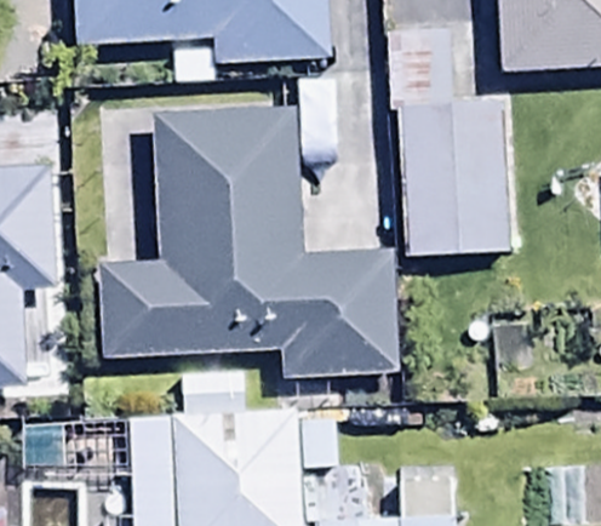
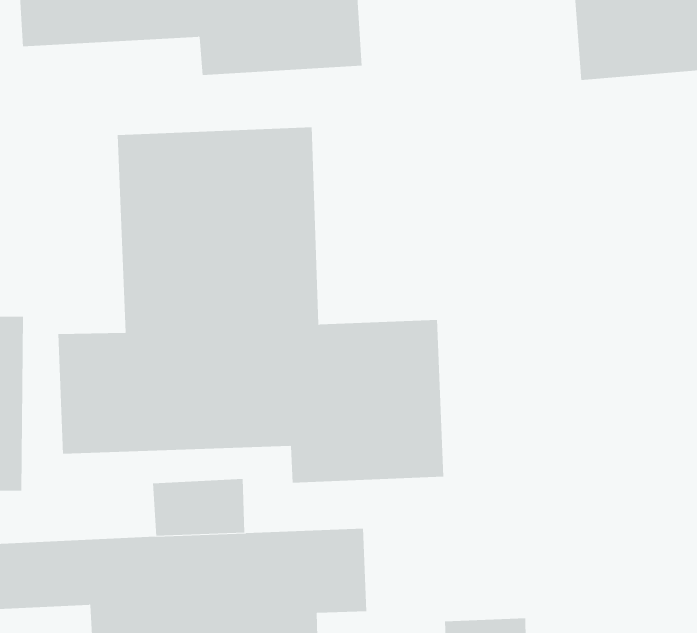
building: [397,105,505,255] -> none

